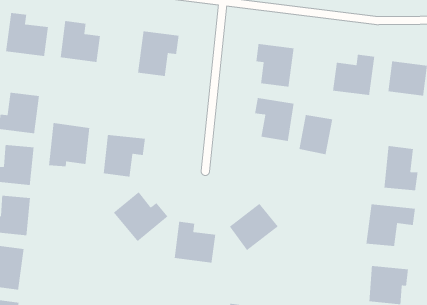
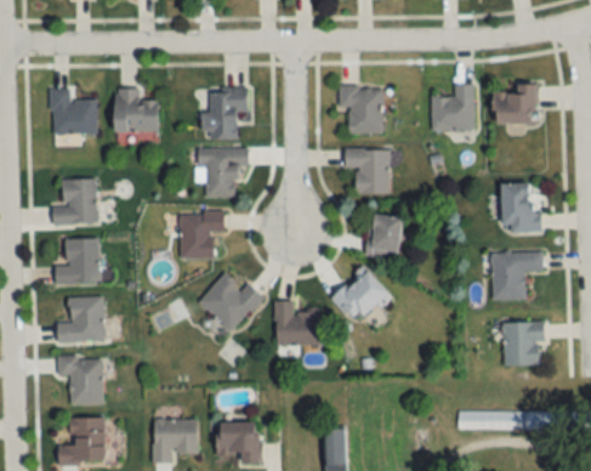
building: none -> [203,148,244,197]
building: [298,114,333,155] -> [366,215,402,259]
building: [48,122,90,167] -> none

